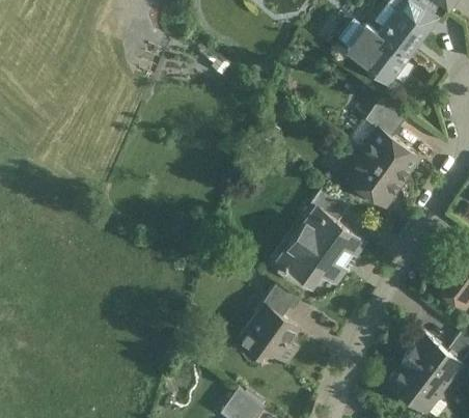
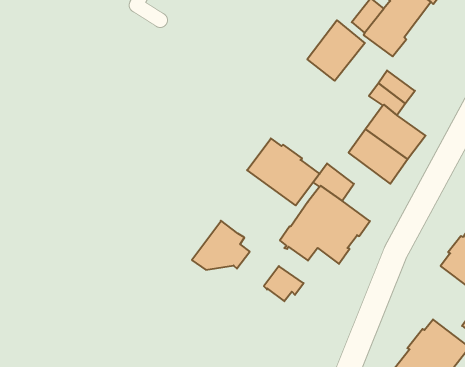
building: none -> [307,20,365,81]
building: none -> [247,138,320,205]
building: [237,309,293,357] -> [192,221,250,270]

